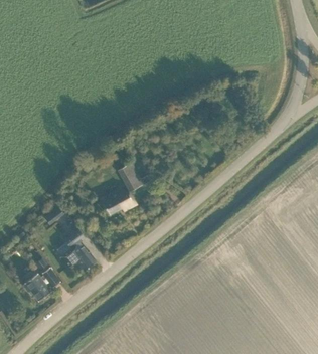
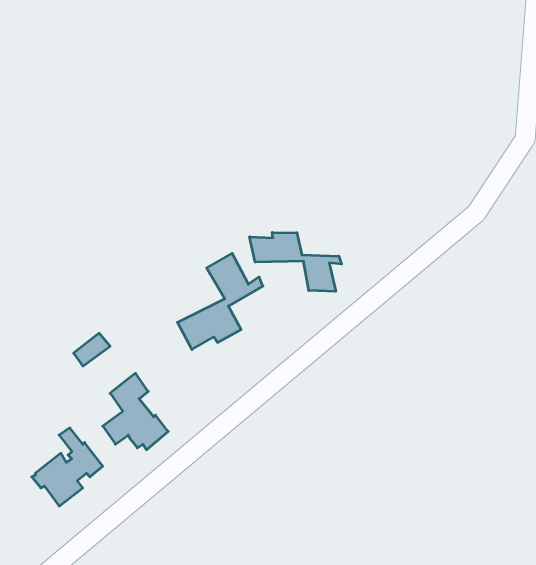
building: none -> [250,232,342,291]

